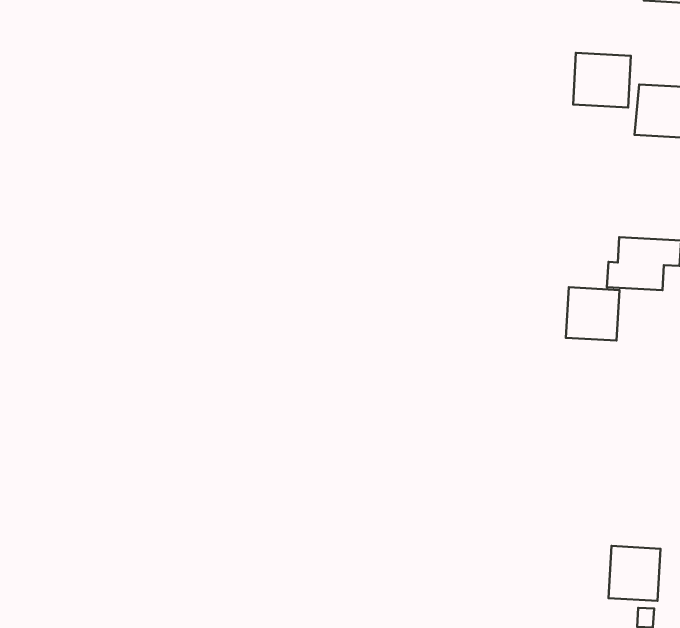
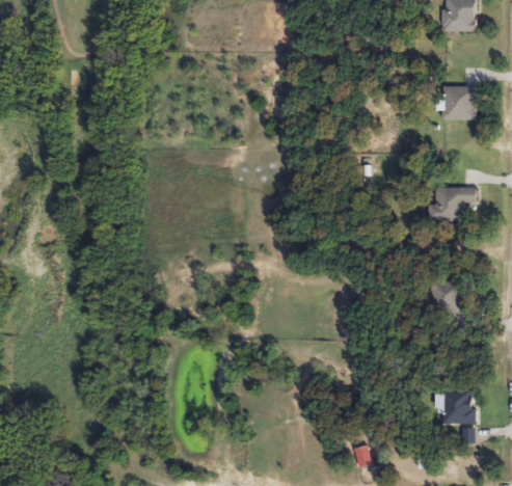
building: [573,53,631,108] -> none
building: [566,287,619,341] -> [431,279,464,313]

